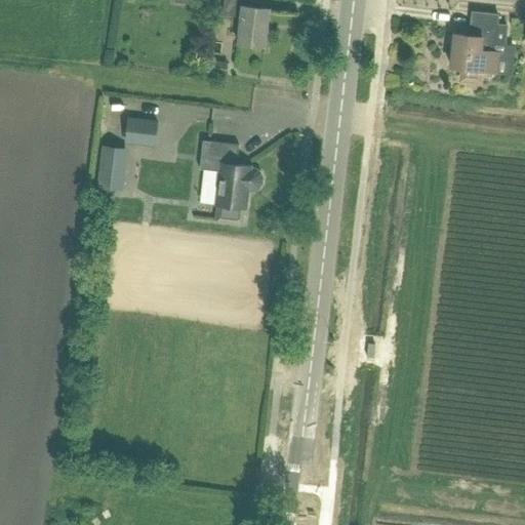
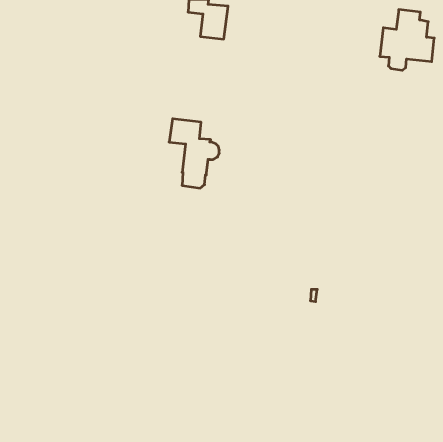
building: [126,117,158,144] -> none
building: [97,146,125,189] -> none

